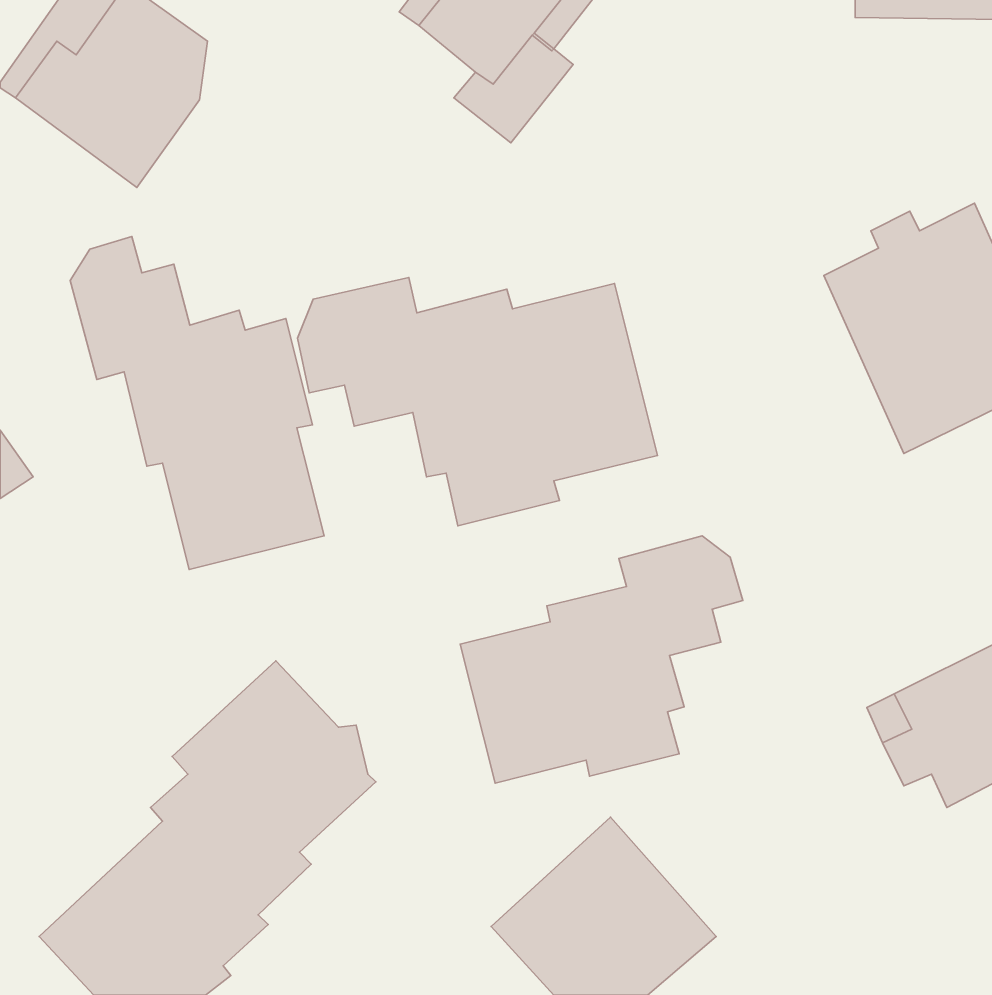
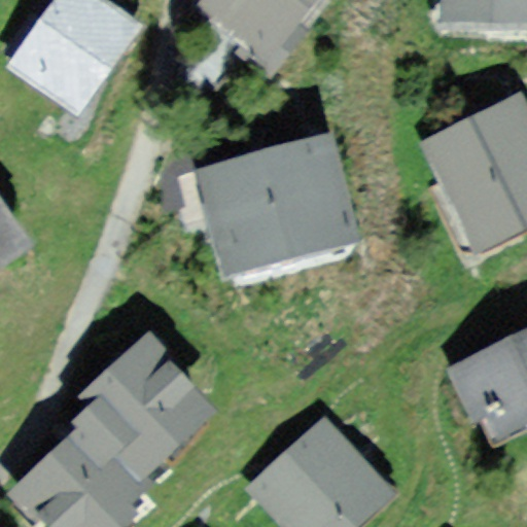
building: [70,236,324,569] -> none
building: [460,536,743,783] -> none

